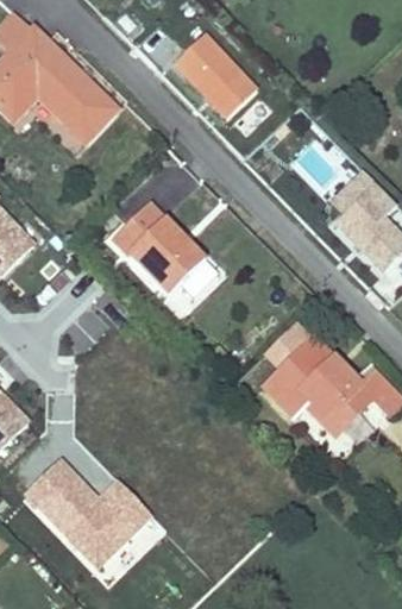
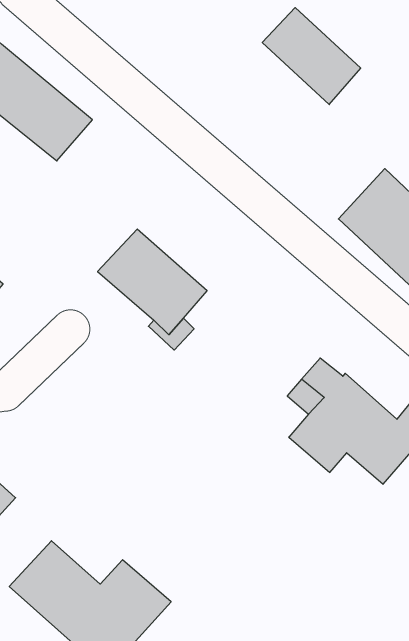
building: [176,34,257,118] -> [262,8,361,105]

